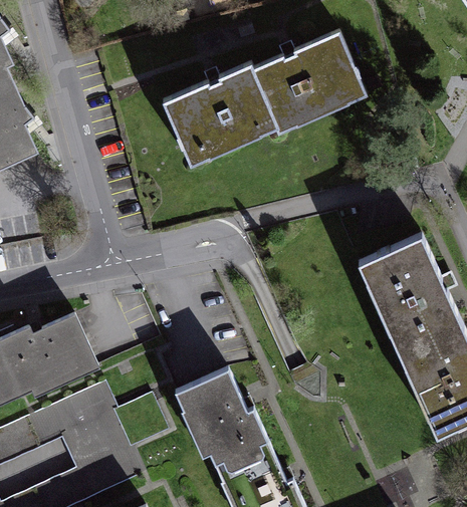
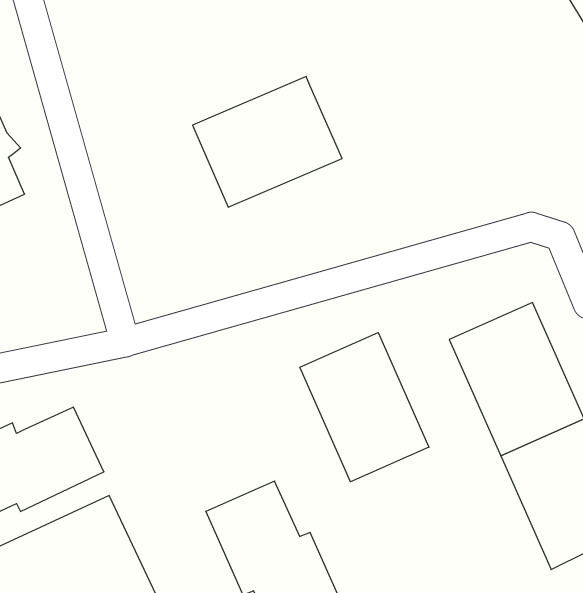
building: [252,31,367,132] -> none
building: none -> [300,333,429,482]

